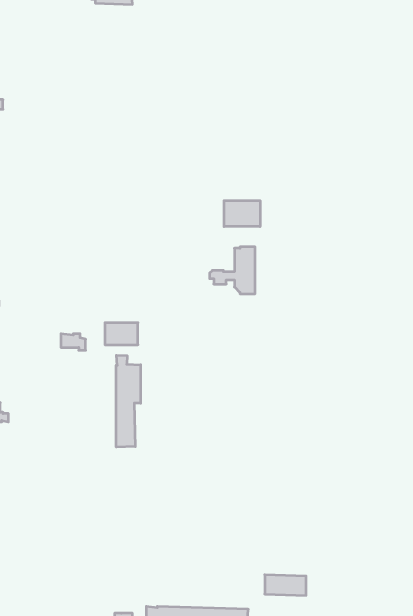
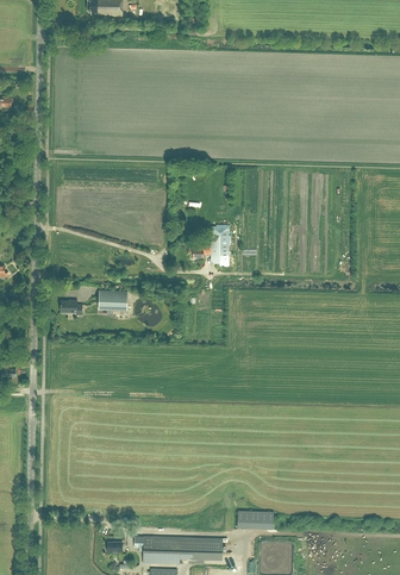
building: [224,201,260,227] -> none
building: [116,355,141,447] -> none

